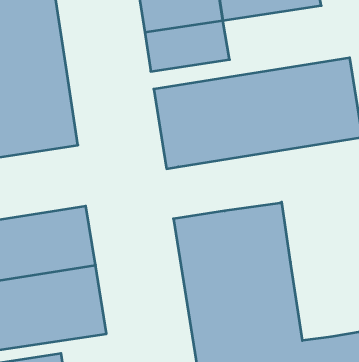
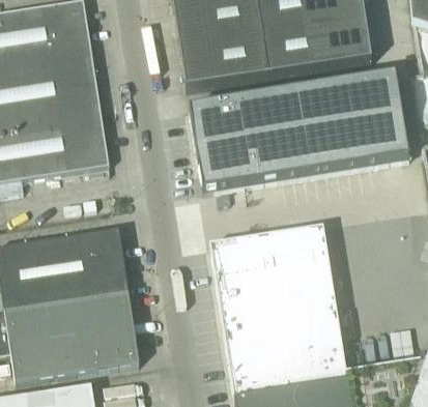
building: none -> [261,19,371,76]

